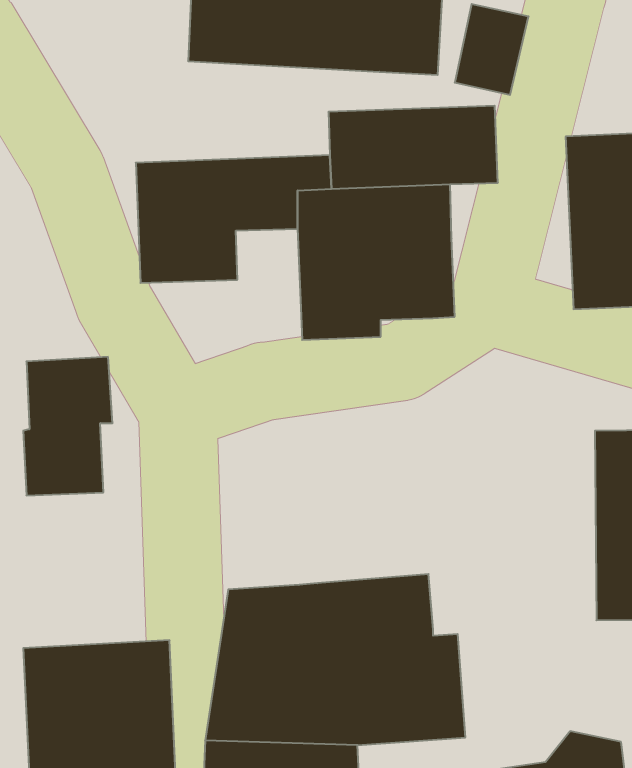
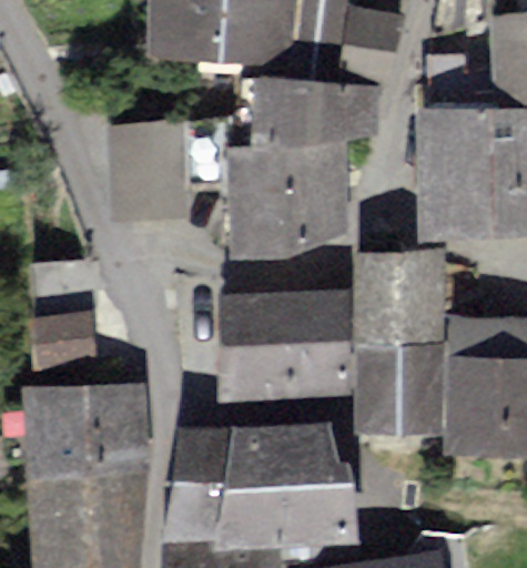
building: none -> [362,254,437,426]
building: none -> [223,293,347,394]
building: none -> [31,384,140,474]

